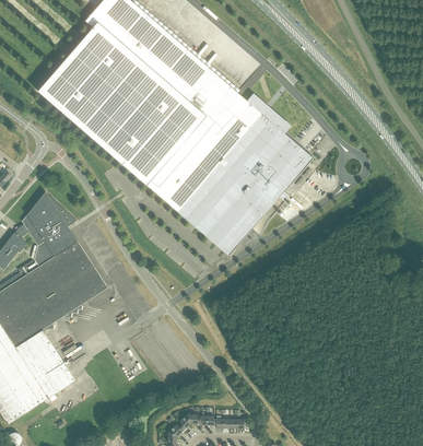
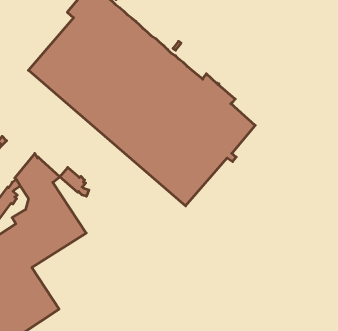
building: none -> [60,167,89,196]

